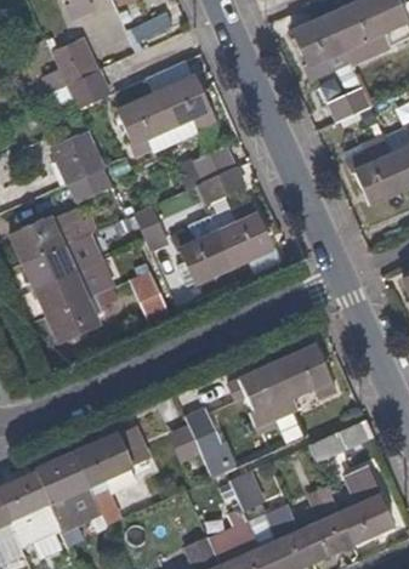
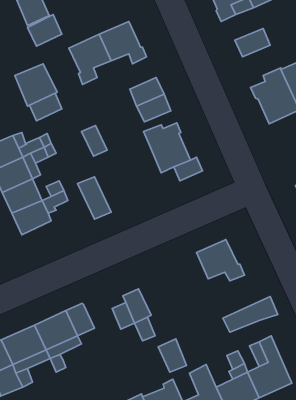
building: [174,229,233,284] -> none
building: [239,363,296,425] -> none

